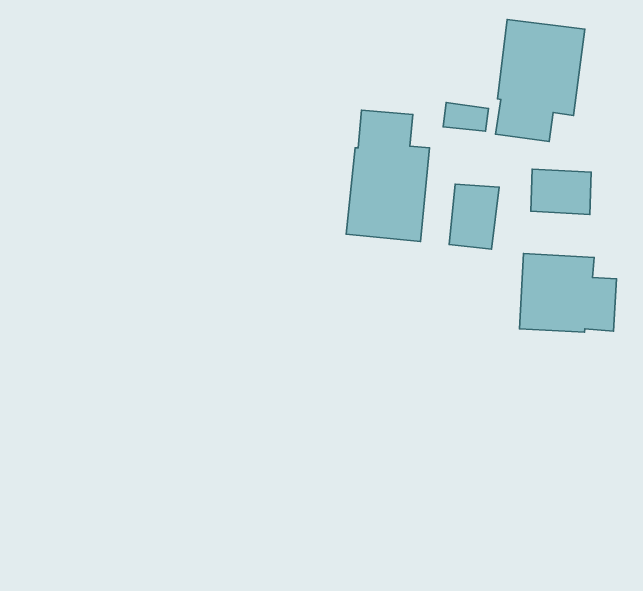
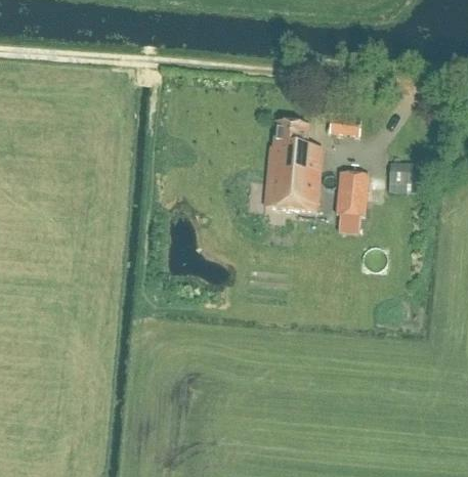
building: [495,19,585,142] -> none
building: [520,253,617,332] -> none

